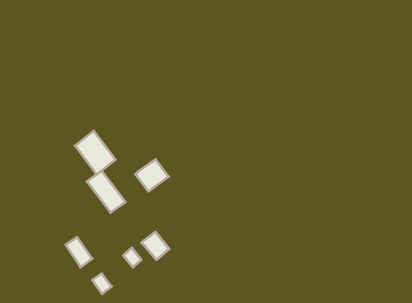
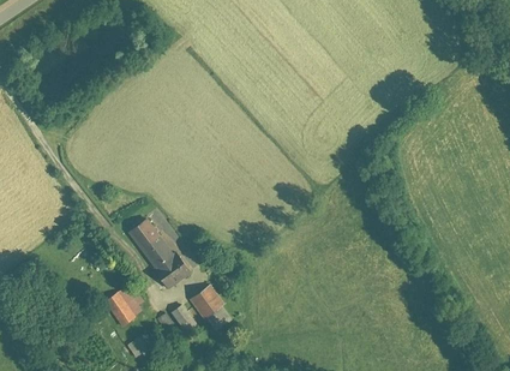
building: [75,131,115,174] -> none
building: [135,159,169,191] -> [154,250,191,286]

